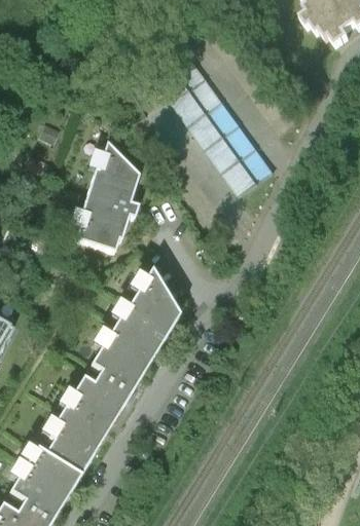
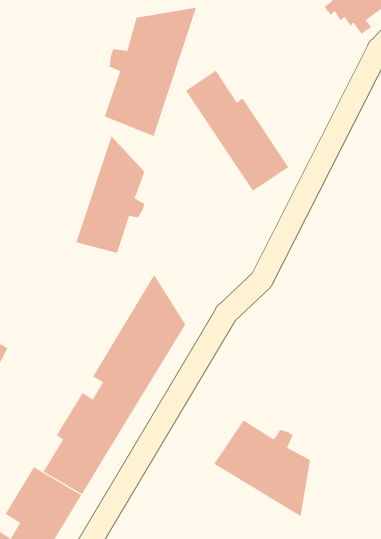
building: none -> [104,7,197,137]
building: none -> [214,420,310,517]

